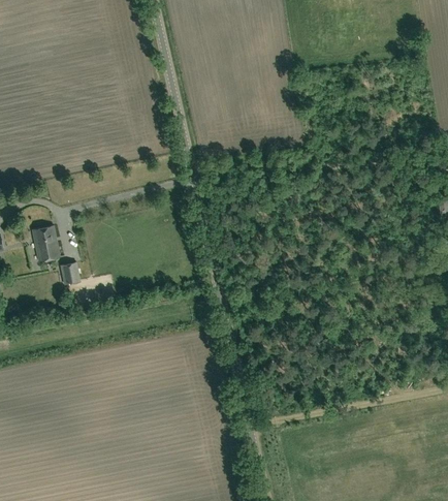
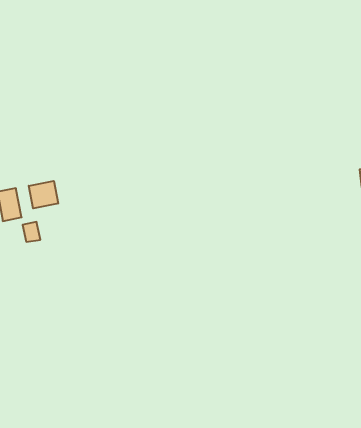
building: none -> [29,181,58,208]

